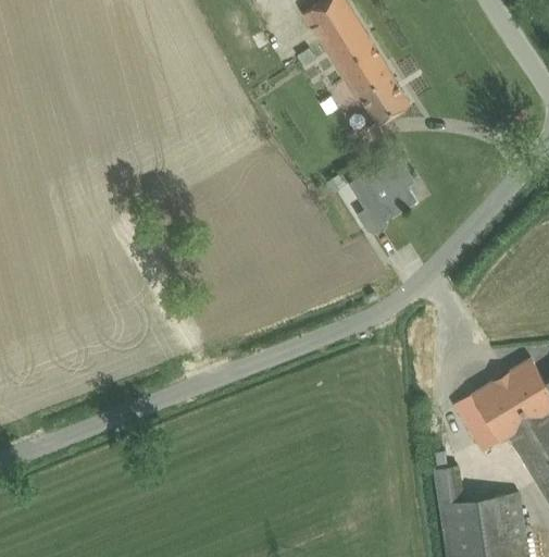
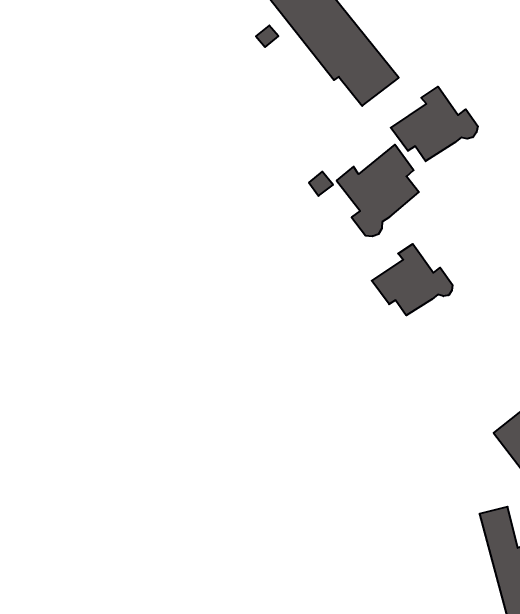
building: none -> [391,87,478,161]
building: none -> [372,244,453,315]

